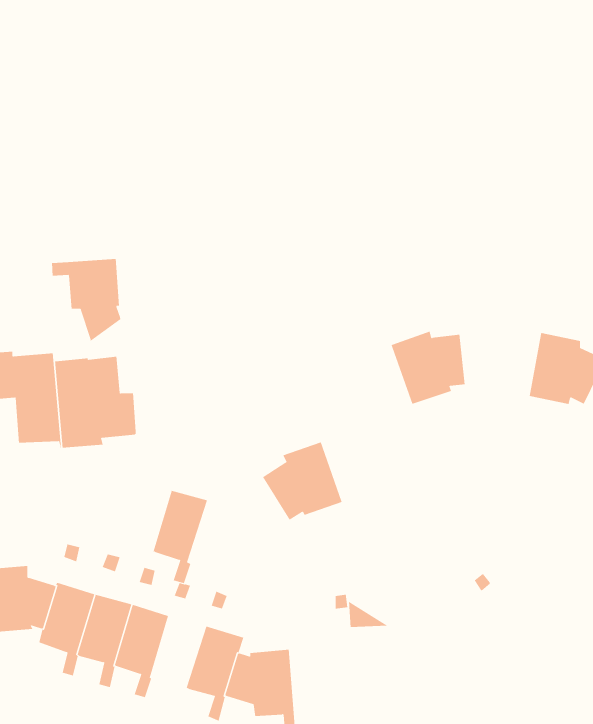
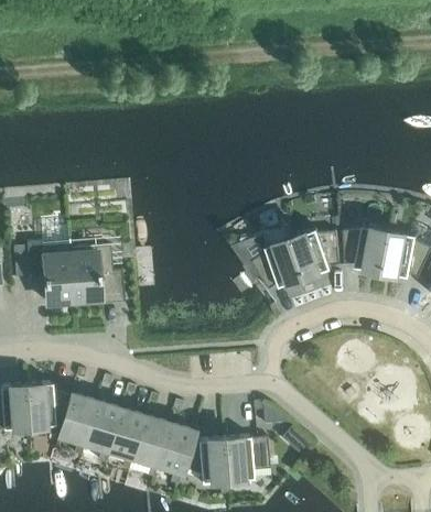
building: [52,258,121,342] -> none
building: none -> [342,226,388,272]
building: [262,440,343,521] -> [250,237,303,290]
building: [153,490,208,584] -> [131,416,168,478]
building: none -> [223,436,268,480]

